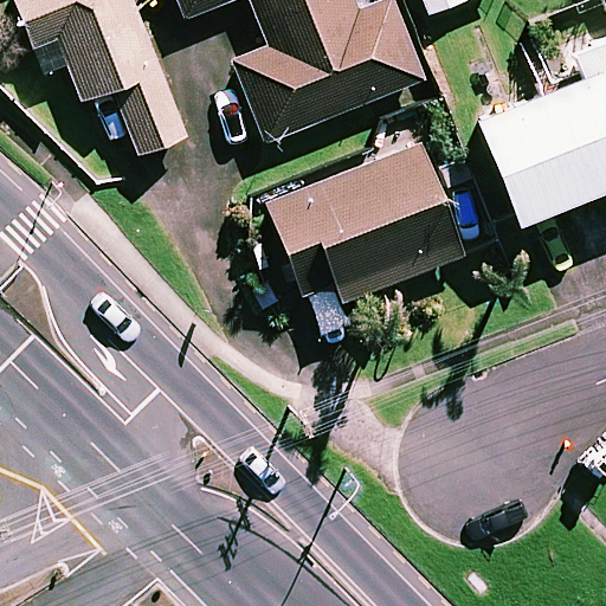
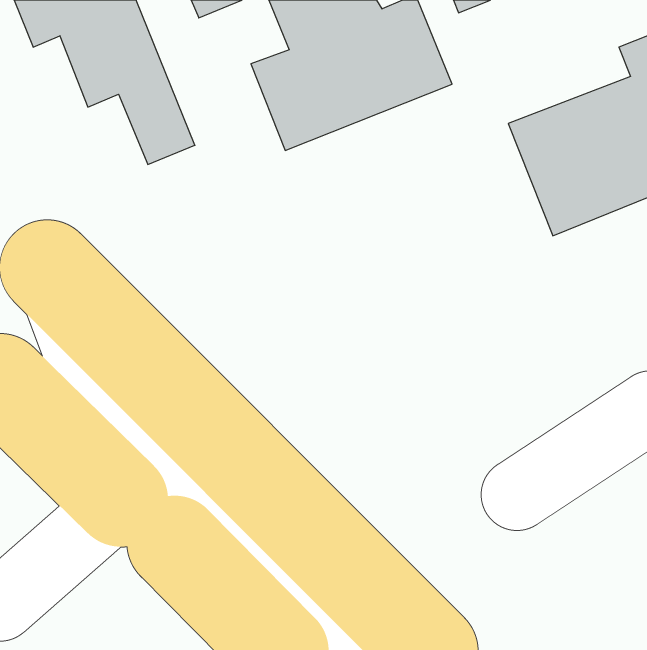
building: [265,142,466,335] -> none

